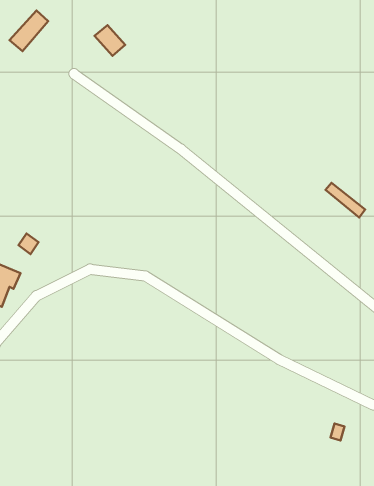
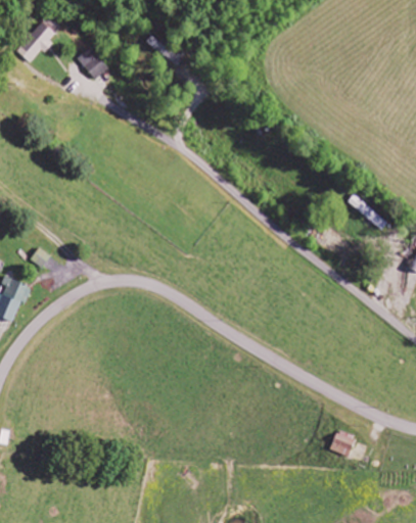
building: [95,25,125,56] -> [77,47,108,79]
building: none -> [331,430,354,456]

